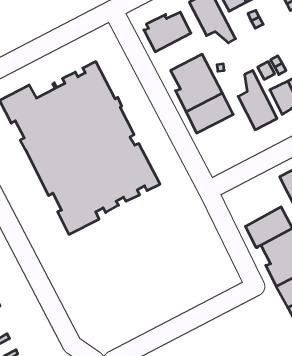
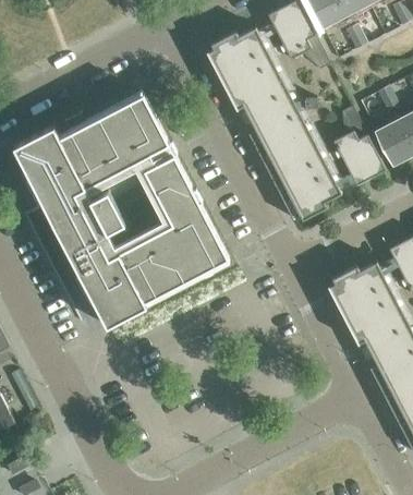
building: none -> [222,56,286,109]
building: none -> [278,165,342,220]
building: none -> [328,261,391,315]

